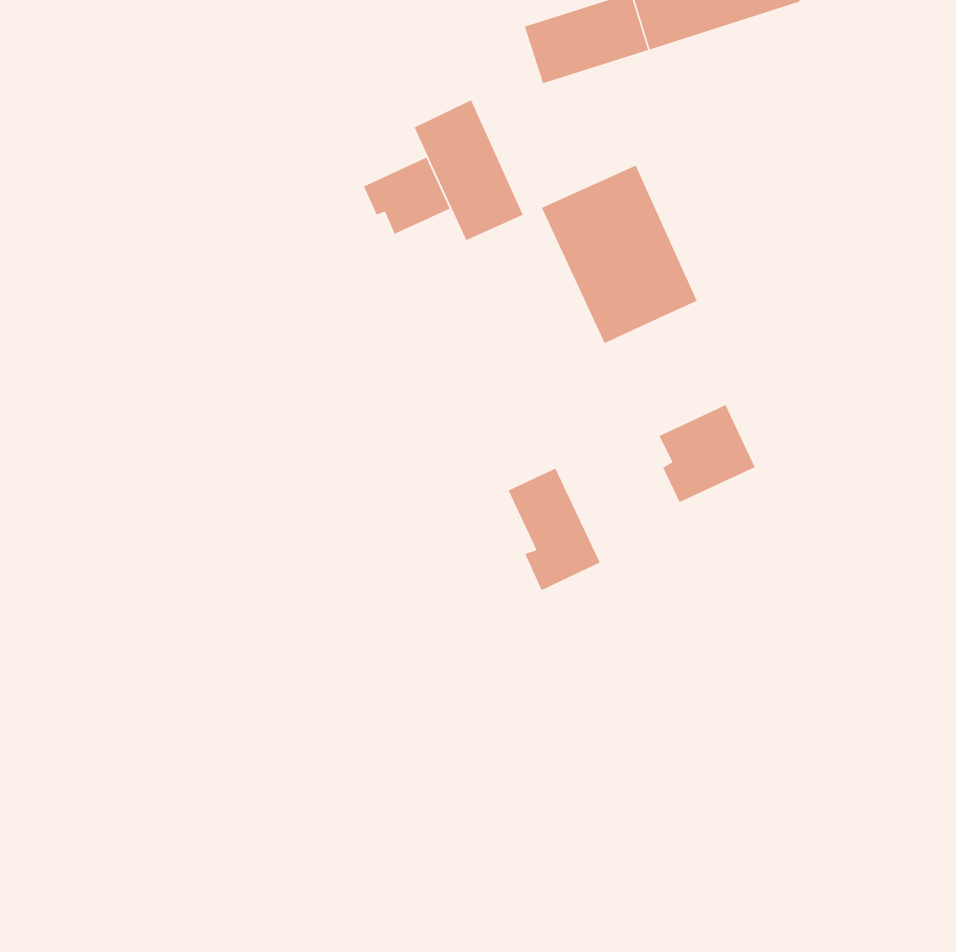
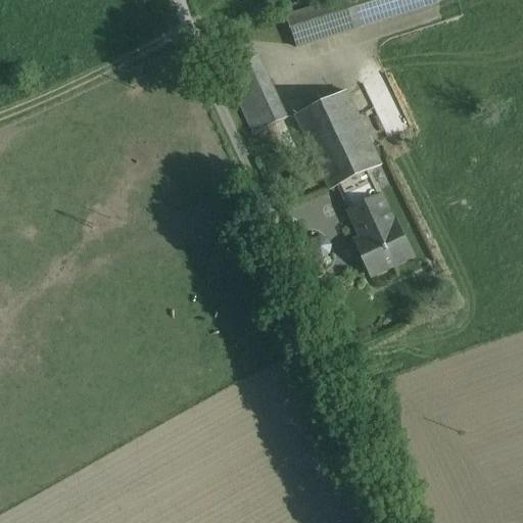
building: [363,157,451,235] -> none
building: [507,468,601,591] -> [343,170,394,237]

